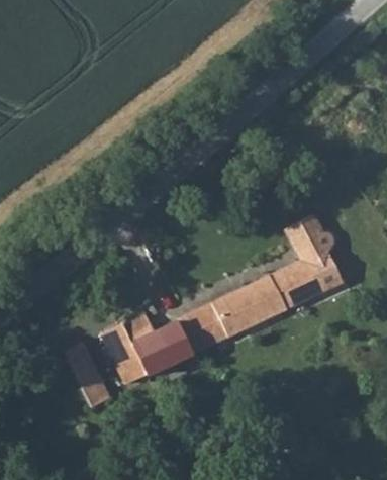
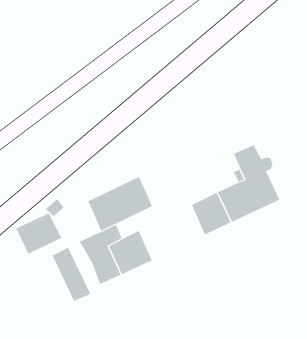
building: [171,290,250,357] -> [87,176,153,232]
building: none -> [15,212,62,255]

